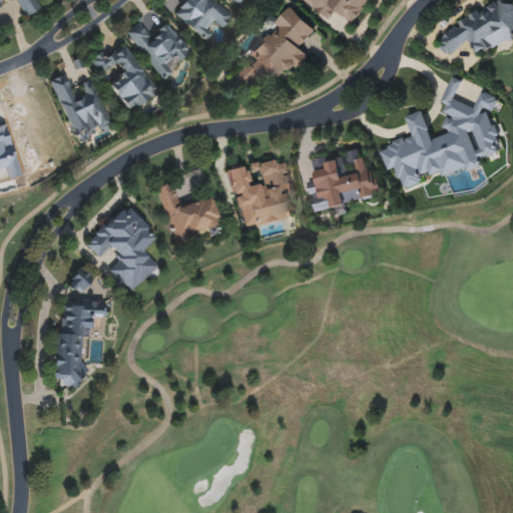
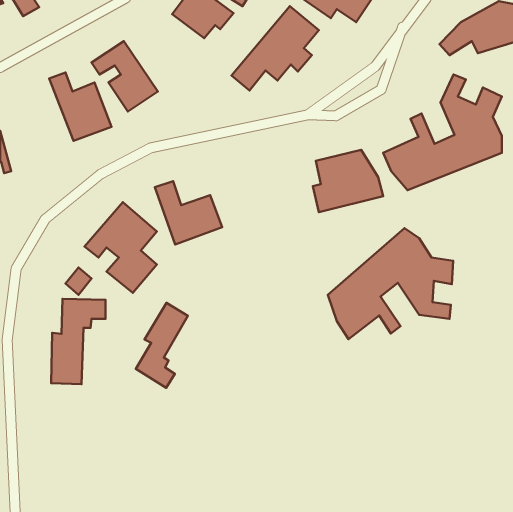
building: [126,20,189,80] -> none
building: [226,156,294,228] -> none
building: none -> [328,228,453,339]
building: none -> [136,303,188,388]

